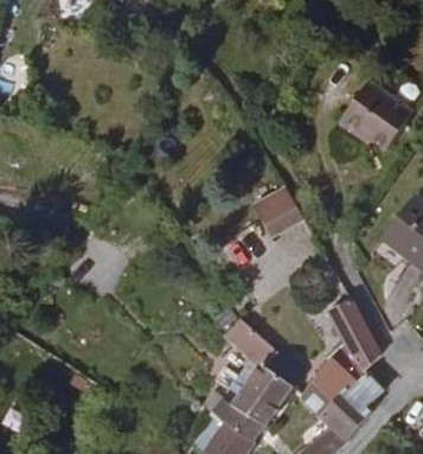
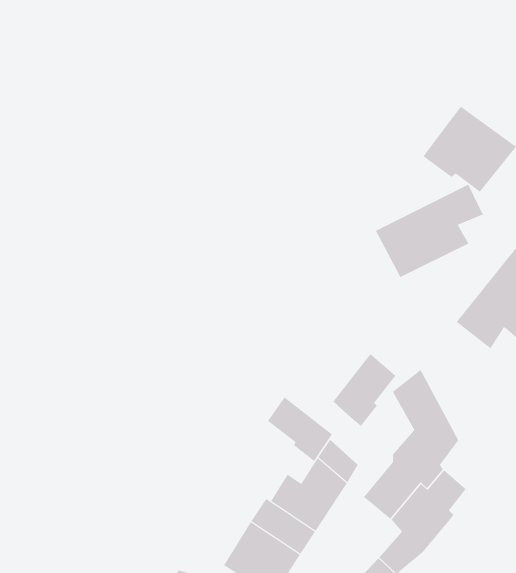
building: none -> [375,184,484,278]
building: [250,181,300,231] -> none
building: none -> [332,353,396,427]

